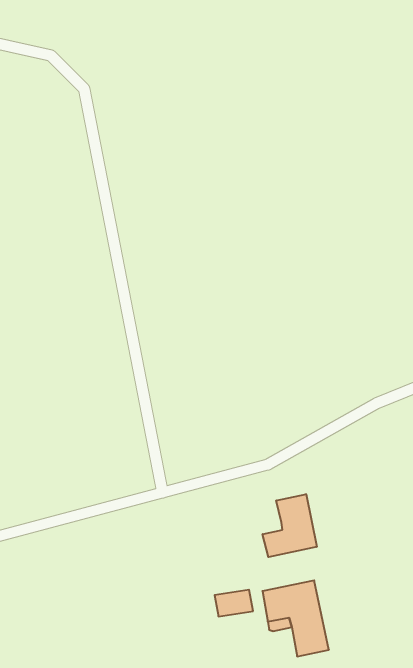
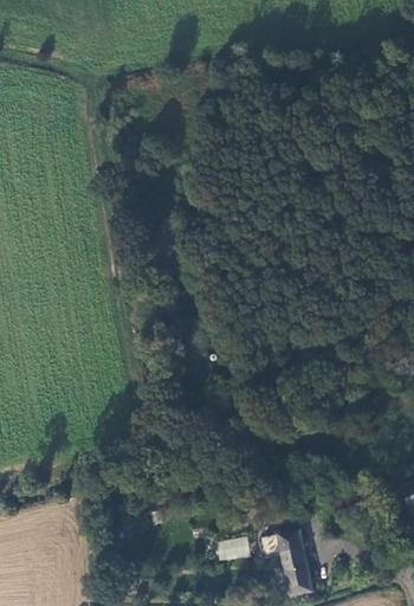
building: [263,494,317,557] -> none

